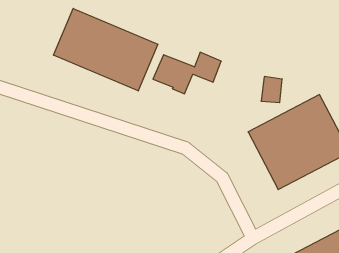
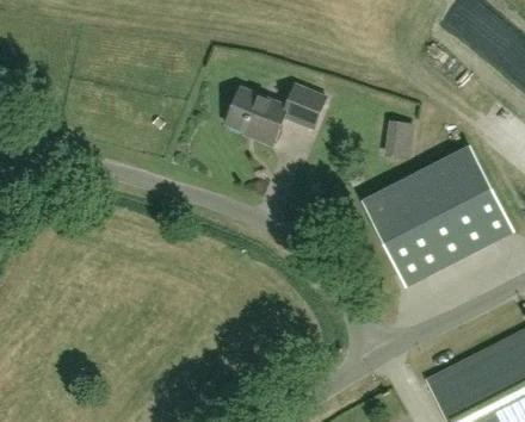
building: [54,8,158,91] -> none

